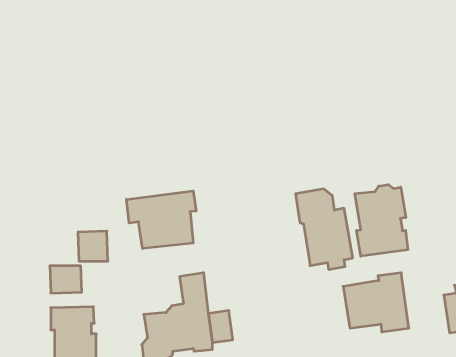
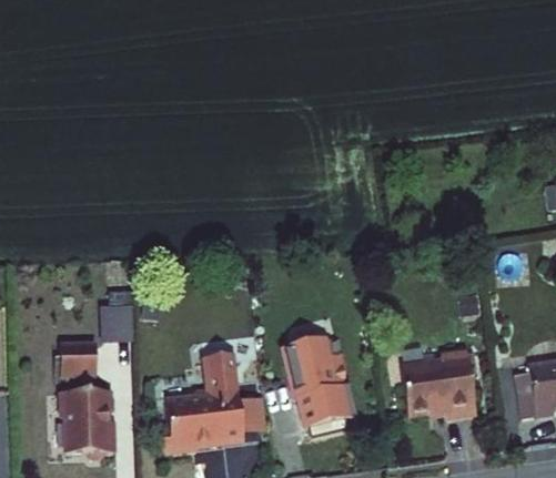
building: [355,185,408,256] -> none
building: [296,189,353,269] -> [287,334,353,426]
building: [126,191,196,249] -> none

